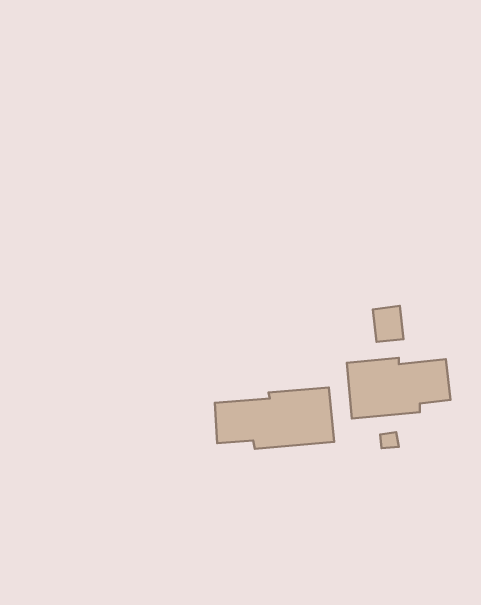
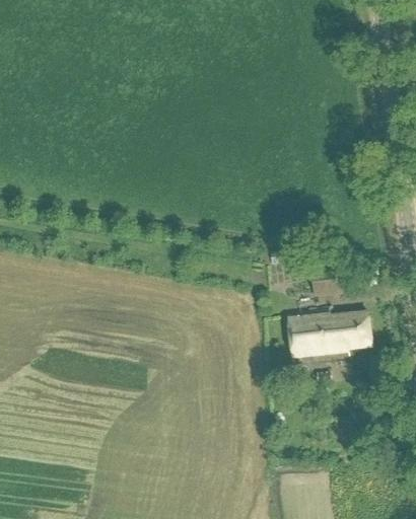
building: [215,387,334,449] -> none

